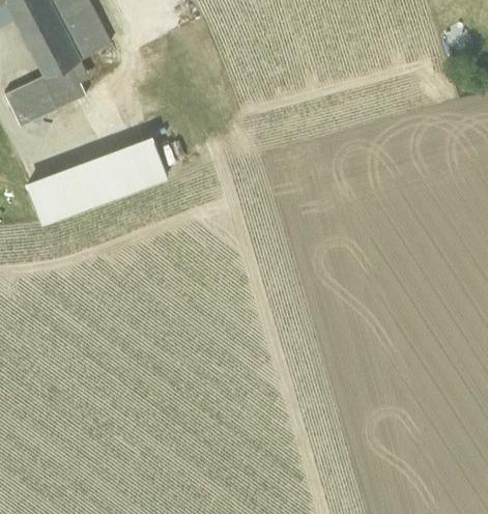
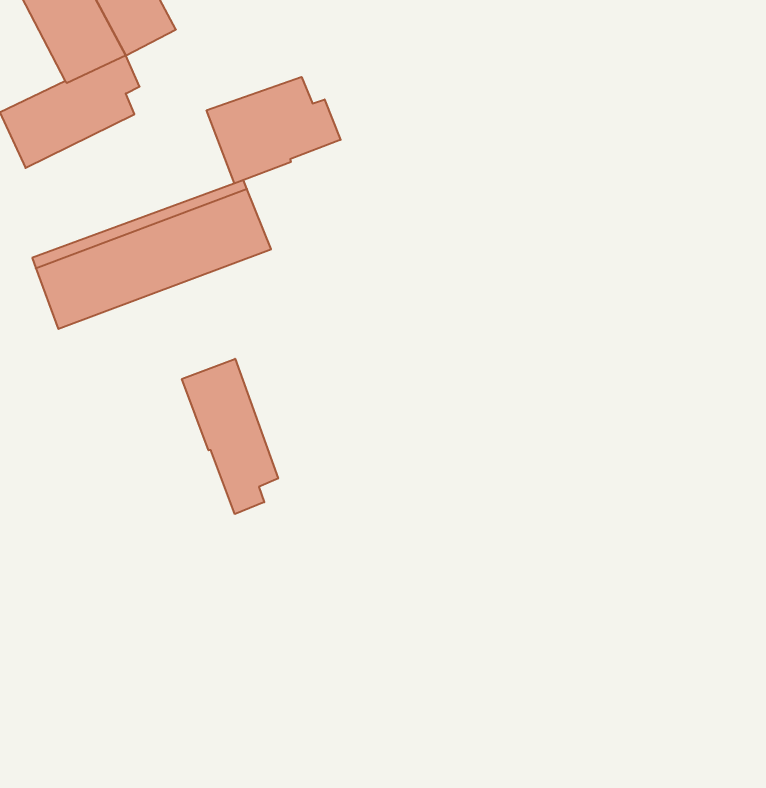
building: none -> [207,77,341,183]
building: none -> [182,359,278,514]

